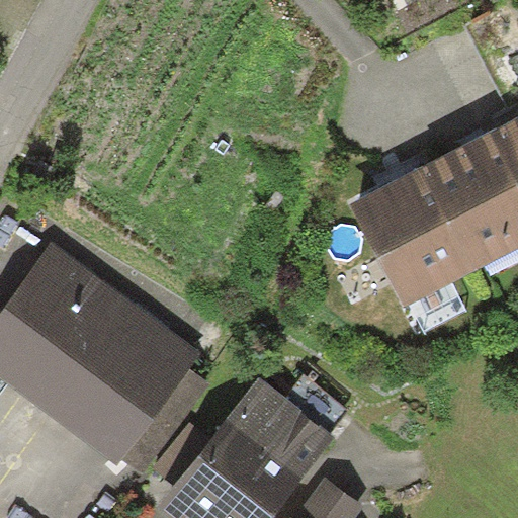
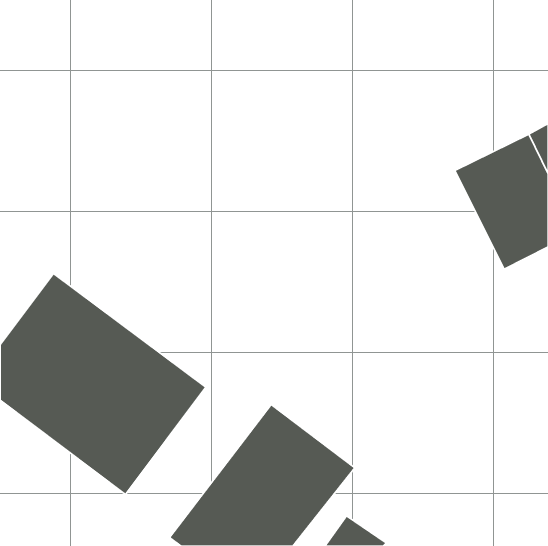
building: [357,161,476,290] -> none

